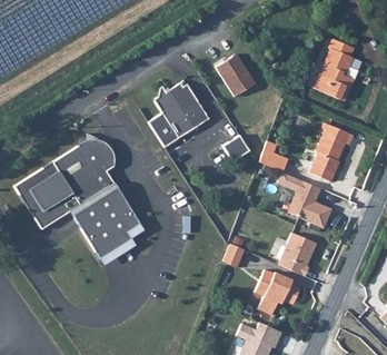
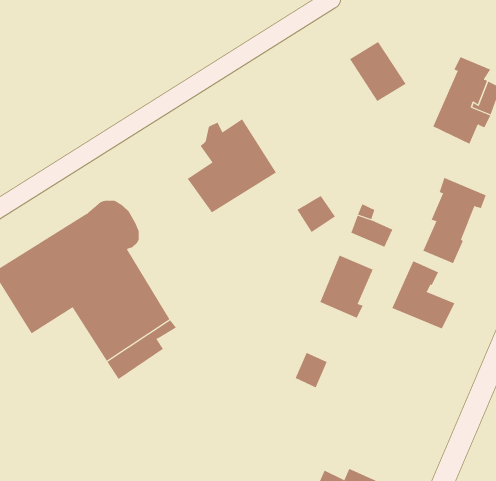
building: [218,57,257,98] -> [349,41,406,102]
building: [278,231,315,275] -> [319,255,373,318]
building: [254,268,299,314] -> none

